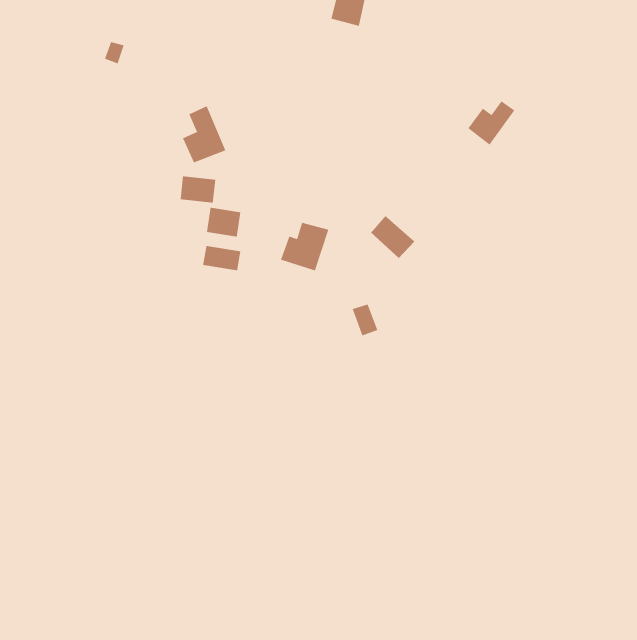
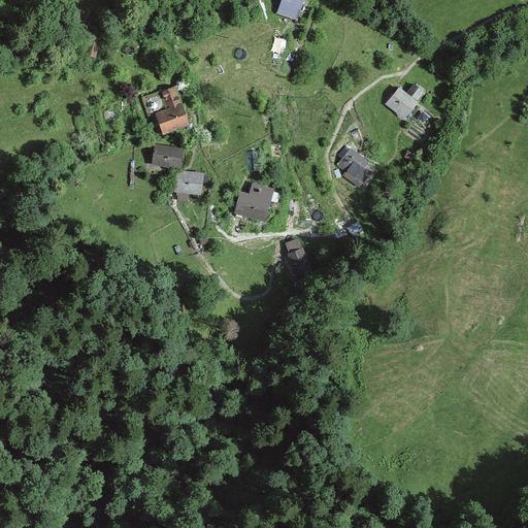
building: [370,215,415,259] -> [339,151,376,187]
building: [203,245,241,271] -> none

